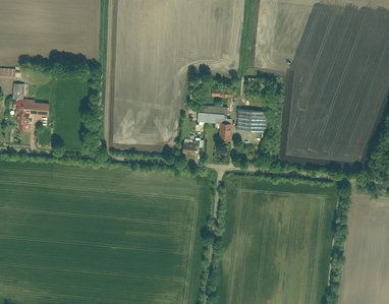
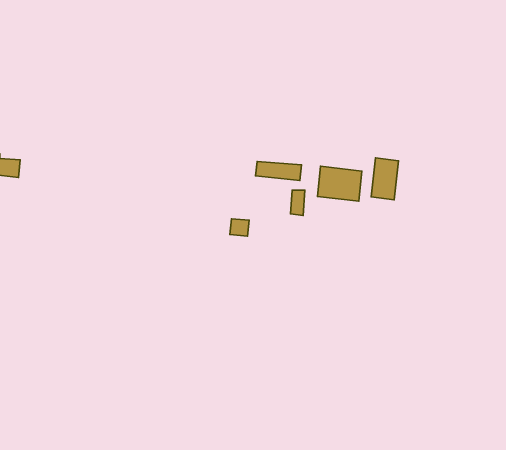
building: none -> [371,158,399,200]

